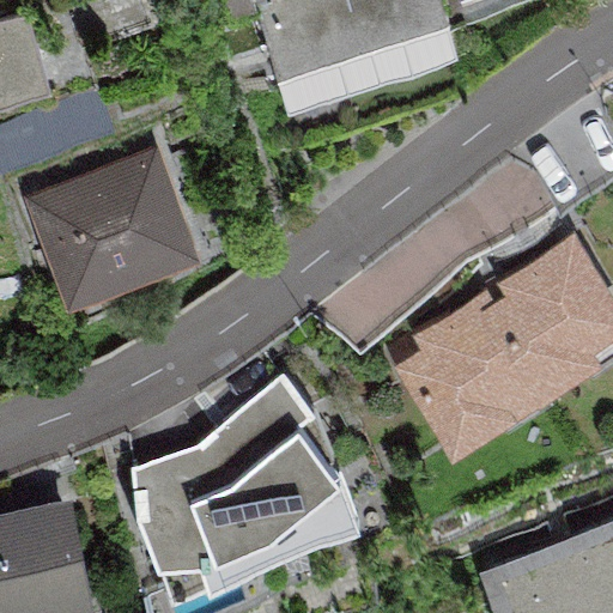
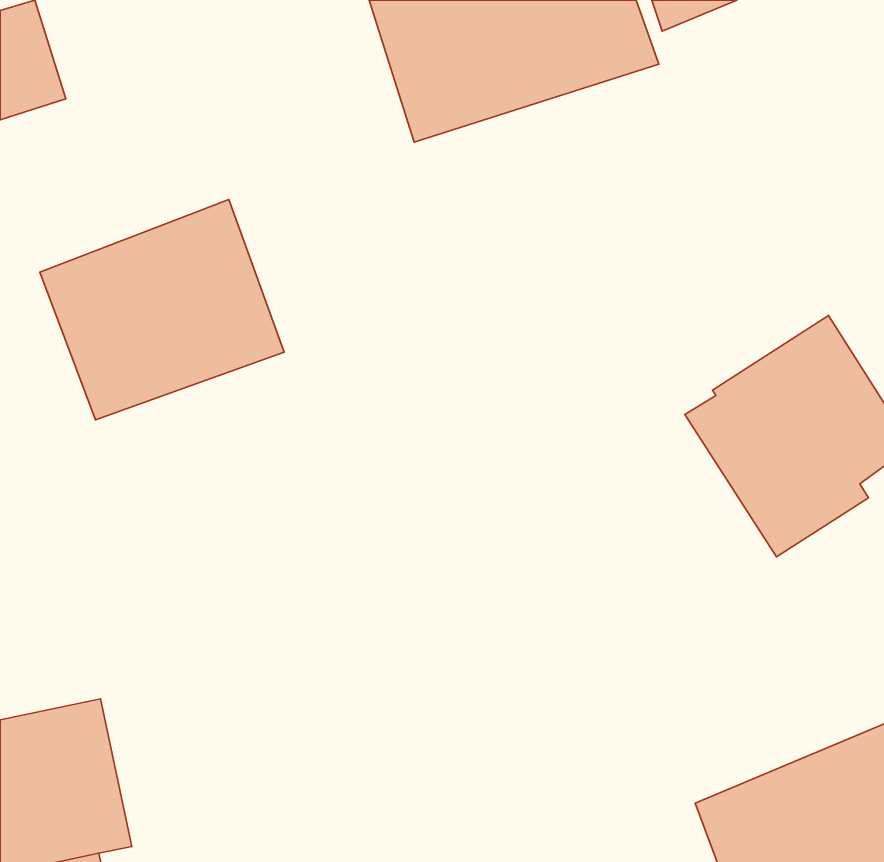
building: [395,303,538,457] -> none
building: [132,378,356,601] -> none

